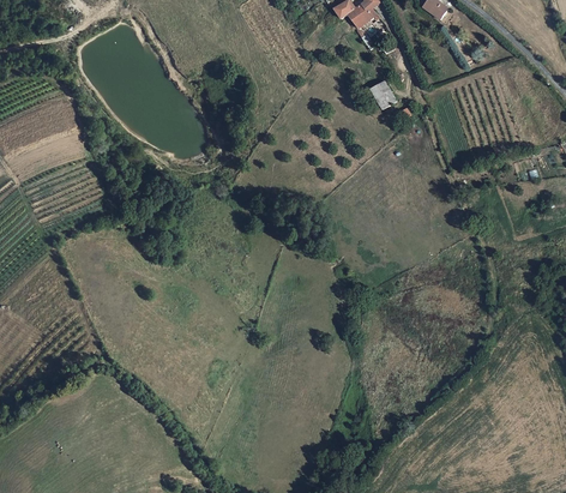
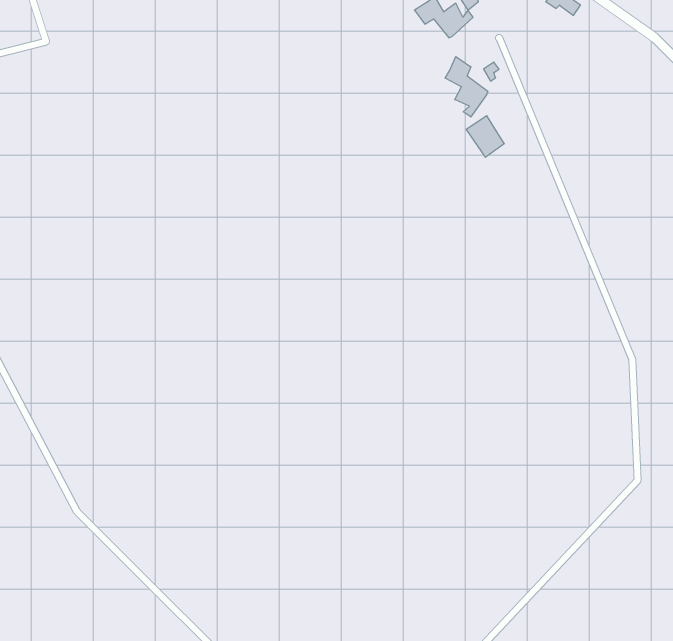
building: none -> [445,56,488,117]

